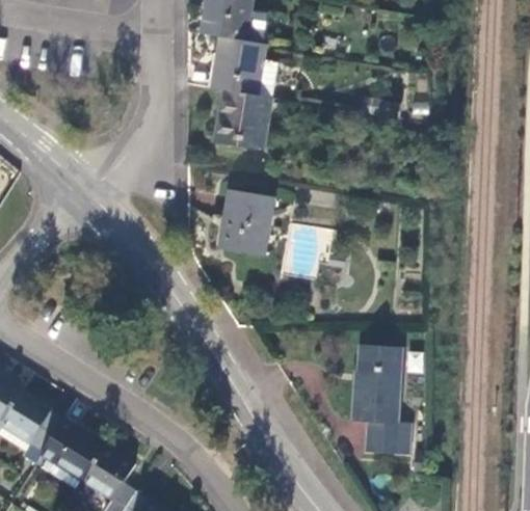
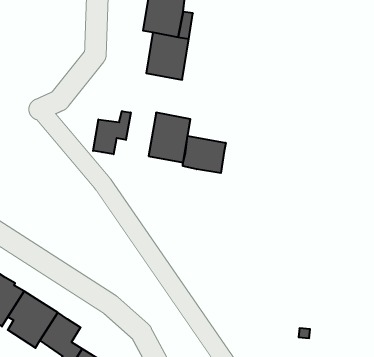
building: none -> [93,111,131,154]
building: none -> [183,136,226,173]
building: [350,348,407,456] -> none

